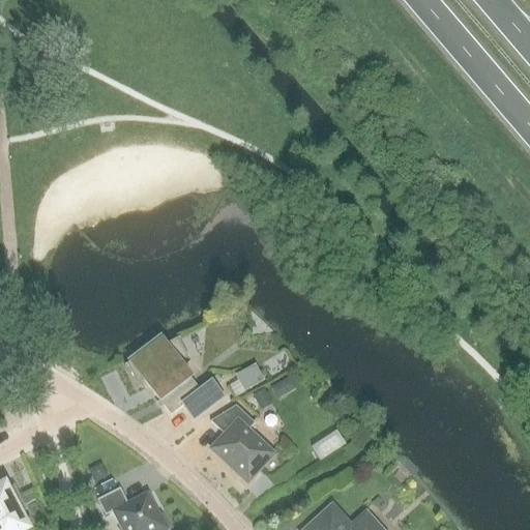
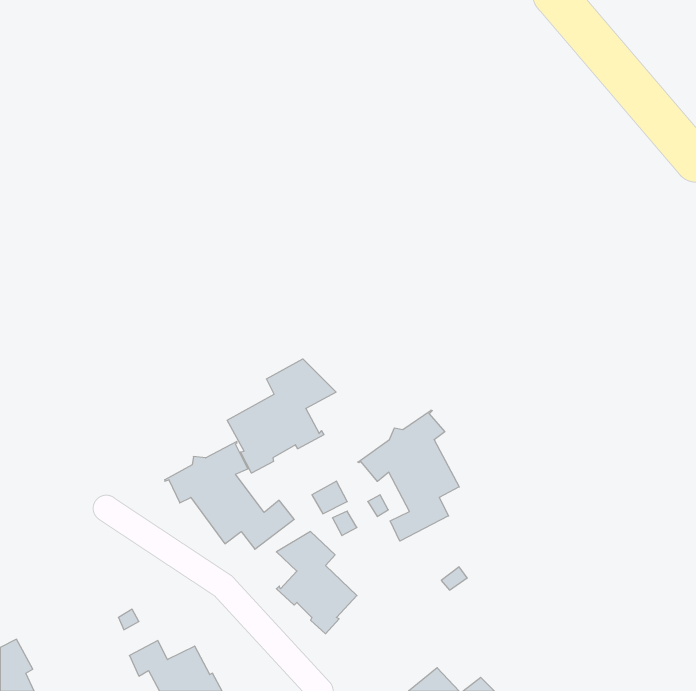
building: none -> [227,359,336,473]
building: none -> [358,410,459,541]

